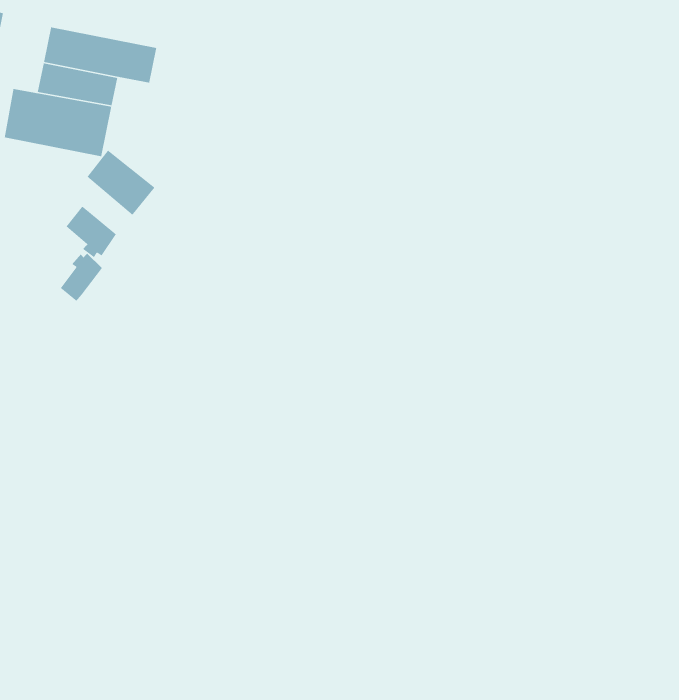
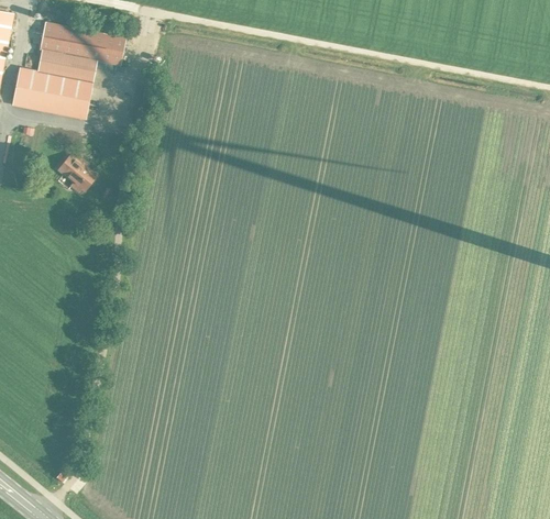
building: [86,149,155,216] -> none
building: [60,253,103,302] -> none

